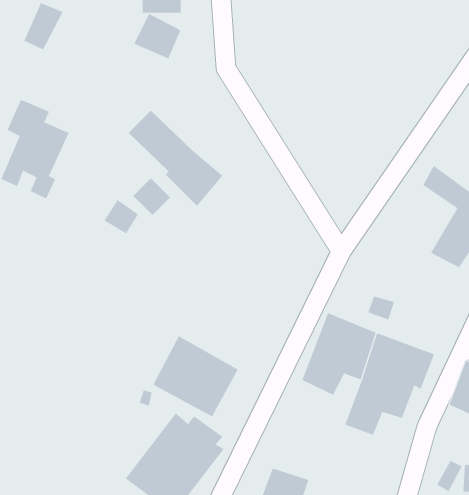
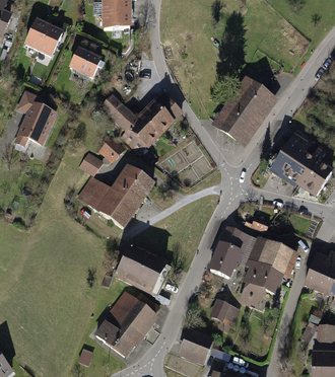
building: none -> [39,25,63,57]
building: [134,13,181,59] -> [68,47,99,77]
building: none -> [214,75,280,146]
building: none -> [137,93,179,134]
building: none -> [269,140,312,184]
building: none -> [78,165,153,226]
building: none -> [211,299,241,329]

